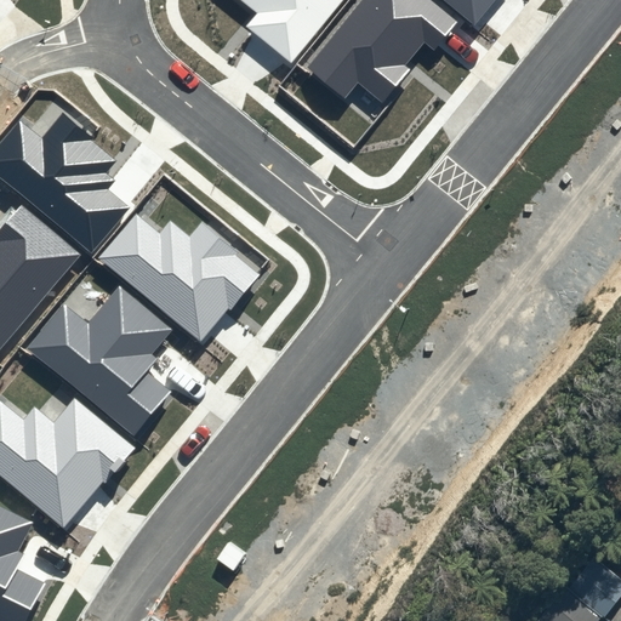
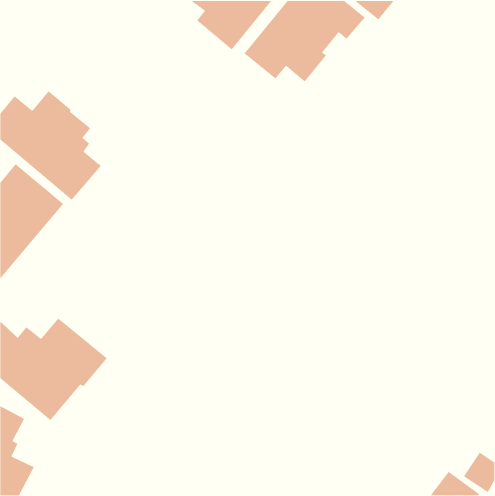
building: [97,213,258,341] -> none
building: [25,286,171,437] -> none

